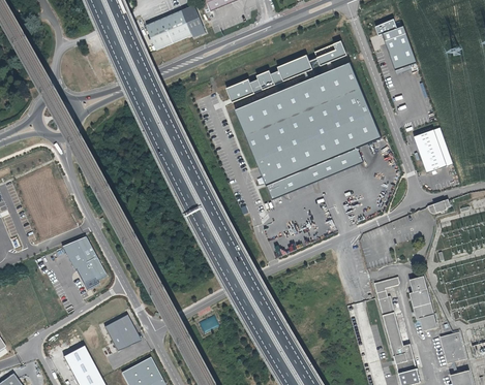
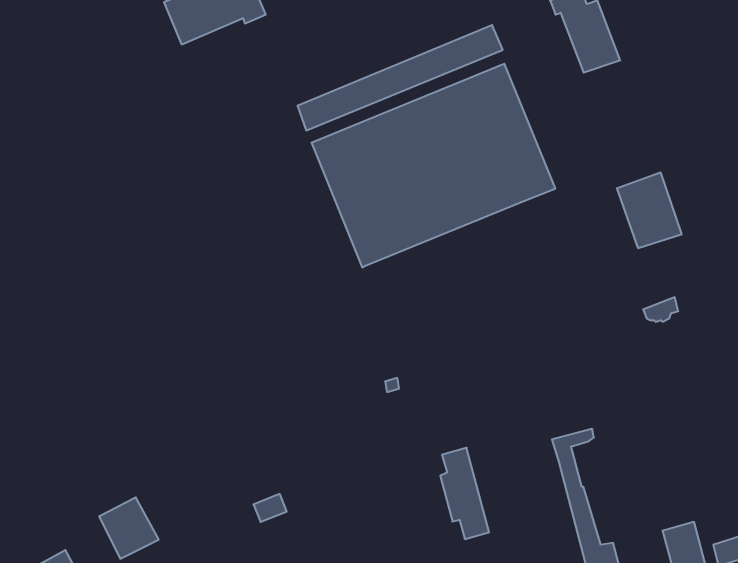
building: [265,143,362,197] -> none
building: [65,238,109,287] -> none
building: [407,276,436,329] -> [440,448,489,539]

